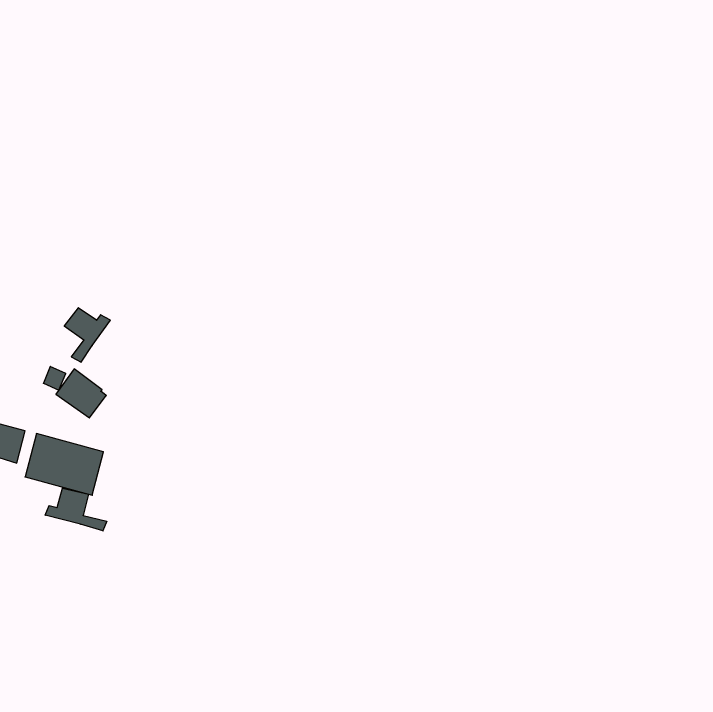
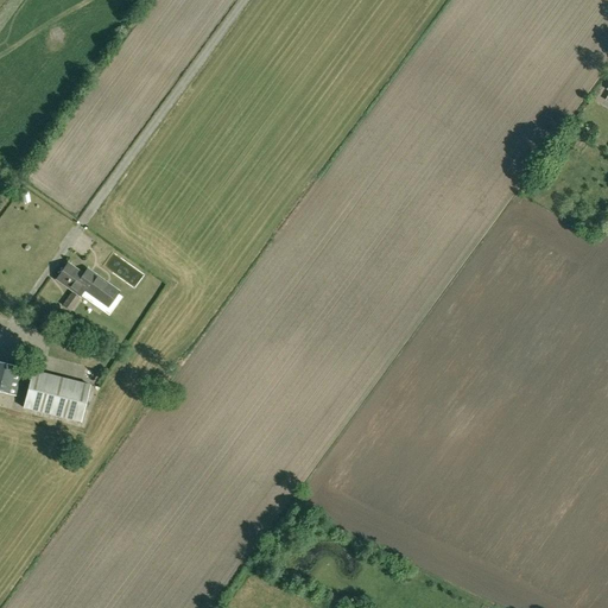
building: [56,369,106,418] -> [78,272,121,314]
building: [45,488,107,531] -> none

